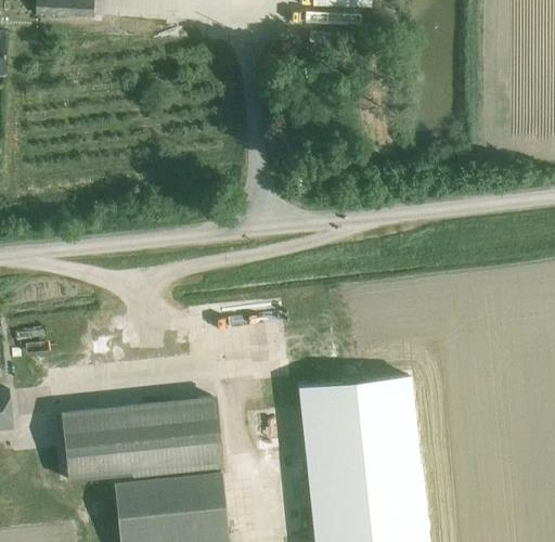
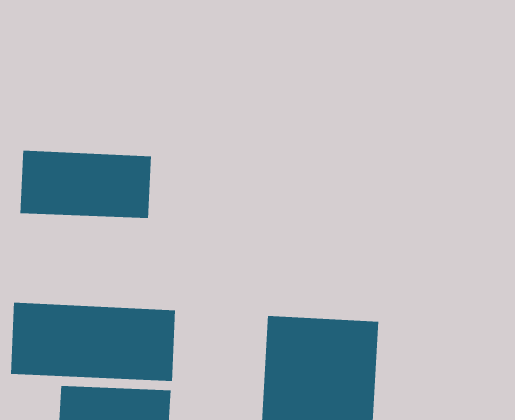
building: none -> [20,150,151,219]

